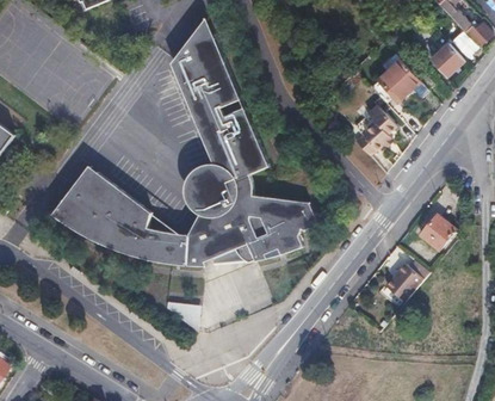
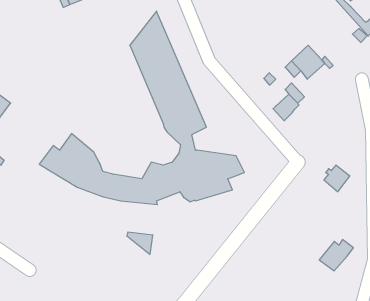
building: [431,44,463,78] -> none
building: [181,161,235,215] -> none
building: [70,166,151,227] -> none
building: [384,261,428,302] -> [319,240,353,271]

